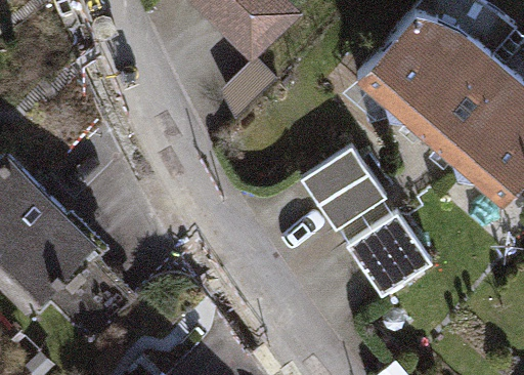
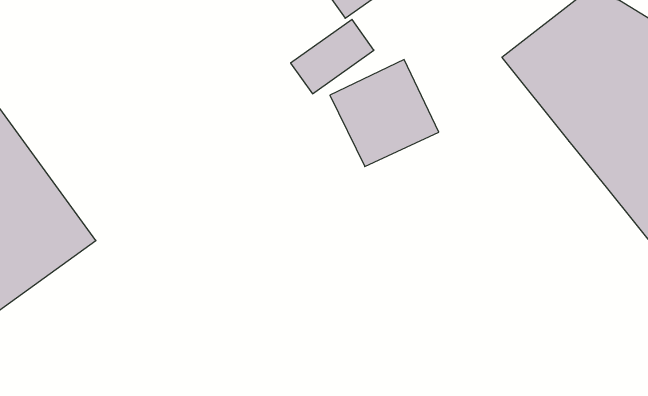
building: [306,149,389,231] -> [330,60,439,167]
building: [353,213,438,298] -> none

